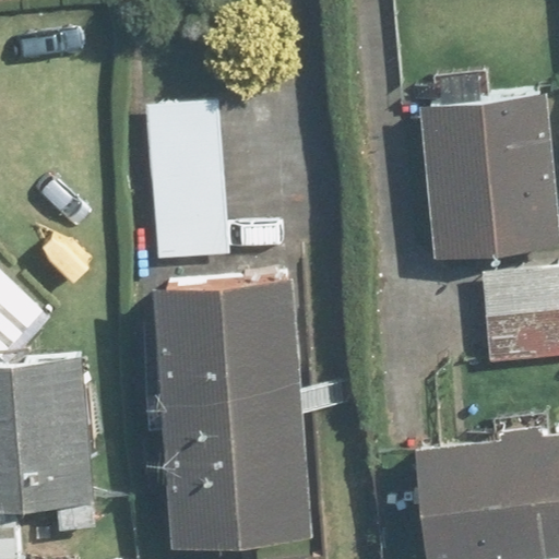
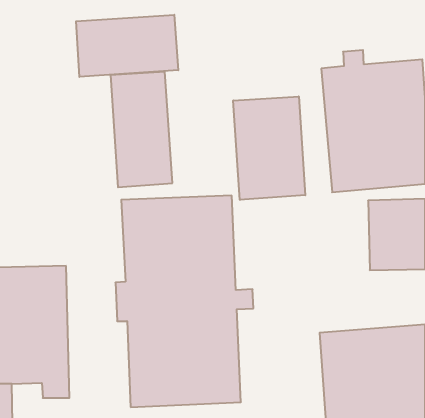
building: none -> [76,15,178,77]
building: none -> [233,96,305,200]

